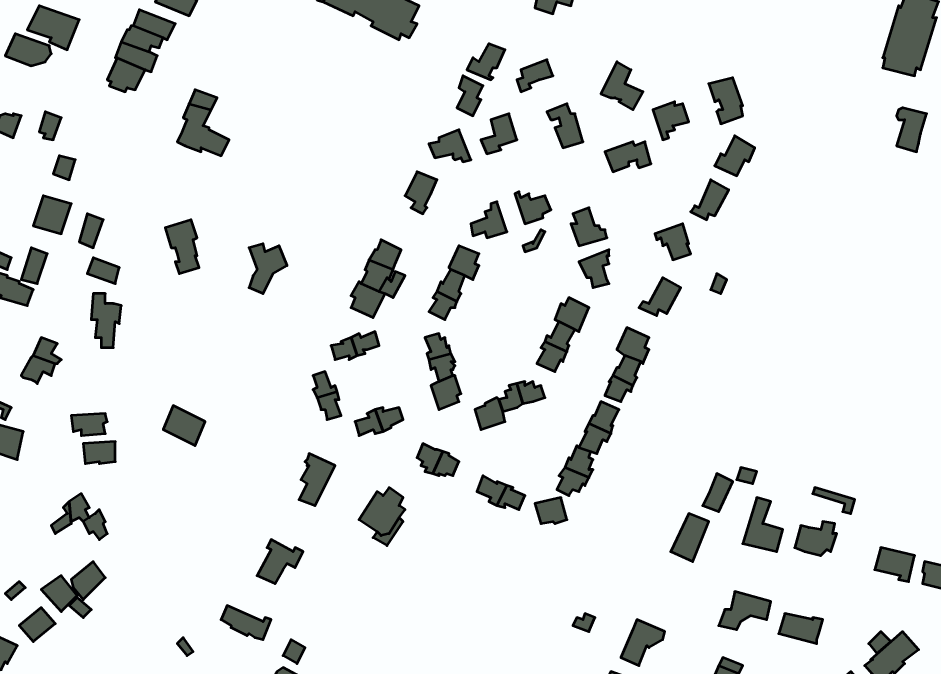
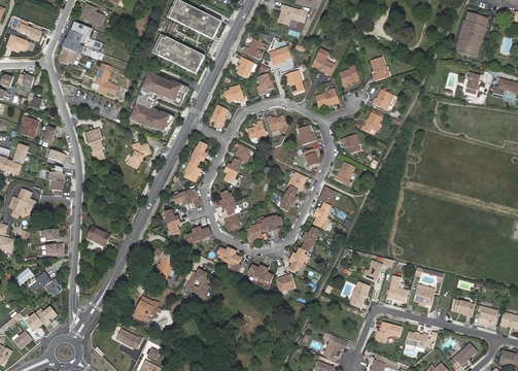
building: none -> [152,36,203,71]
building: none -> [128,72,188,134]

